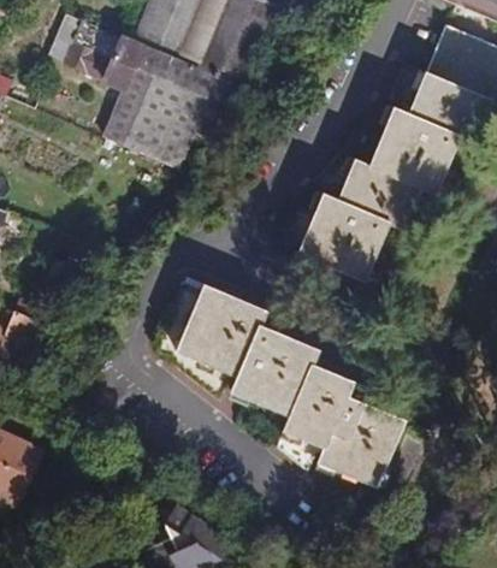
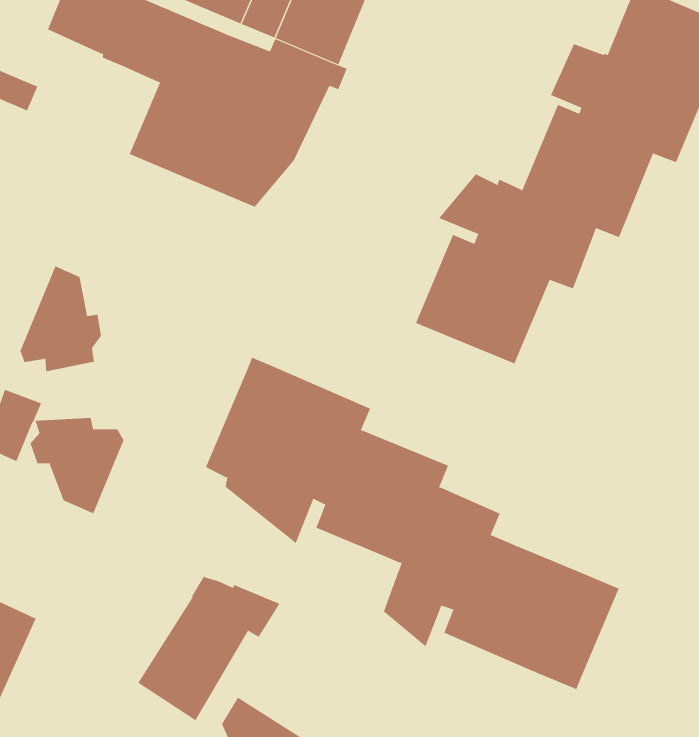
building: none -> [20,265,101,372]
building: none -> [30,417,124,514]
building: none -> [137,576,280,721]

